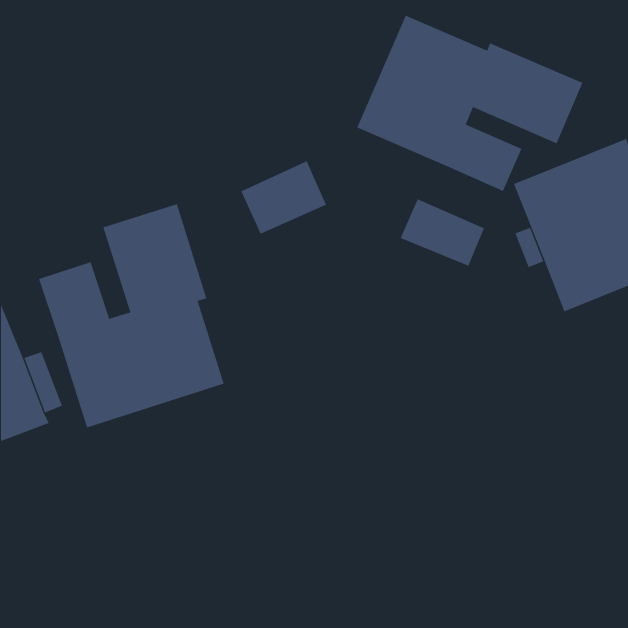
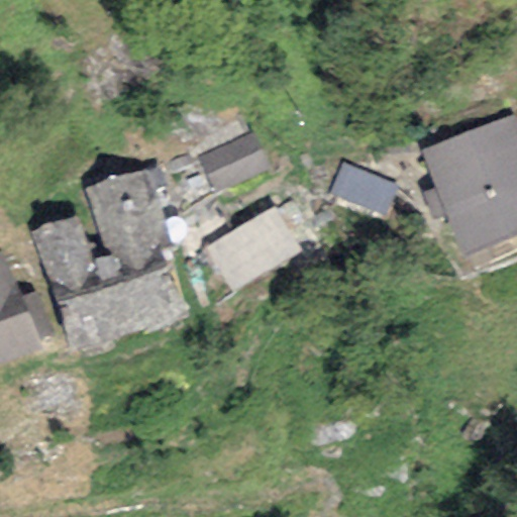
building: [356,15,583,192] -> none
building: none -> [206,206,301,290]

